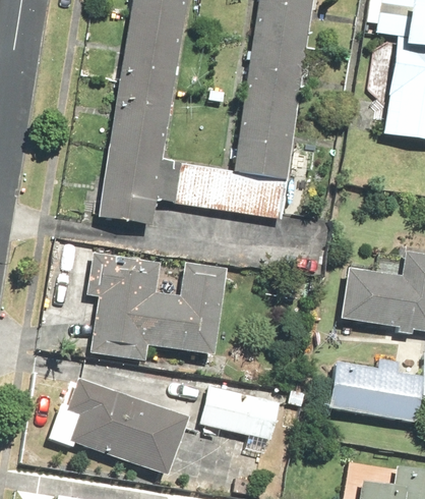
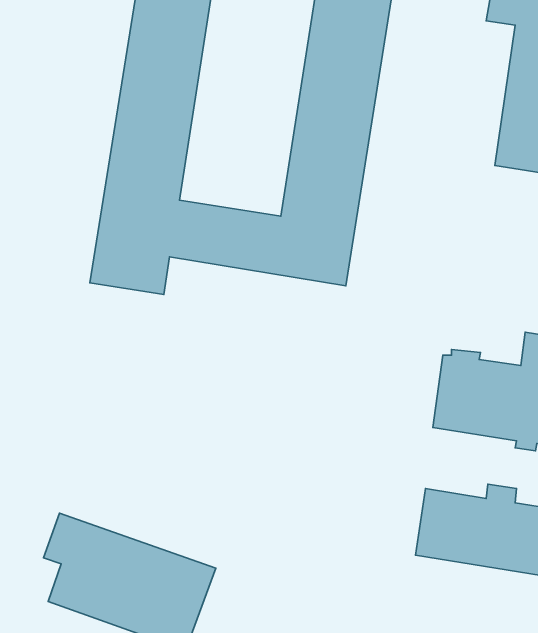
building: [87,252,226,361] -> none
building: [200,385,281,440] -> none

